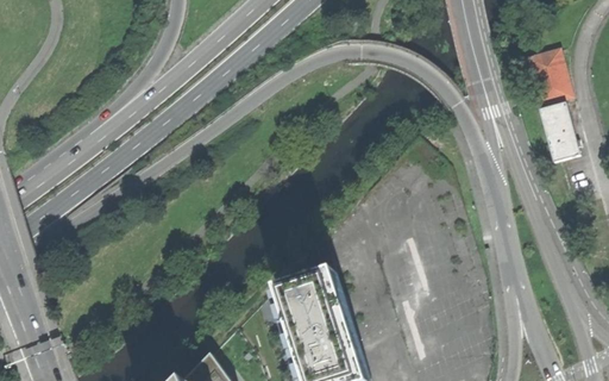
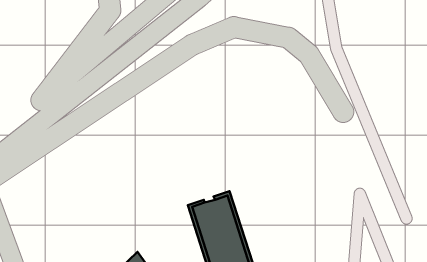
building: [522,48,577,161] -> none

